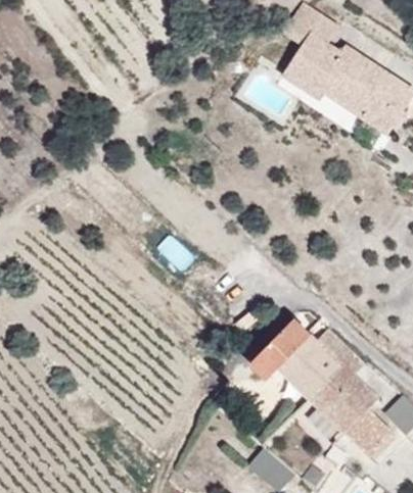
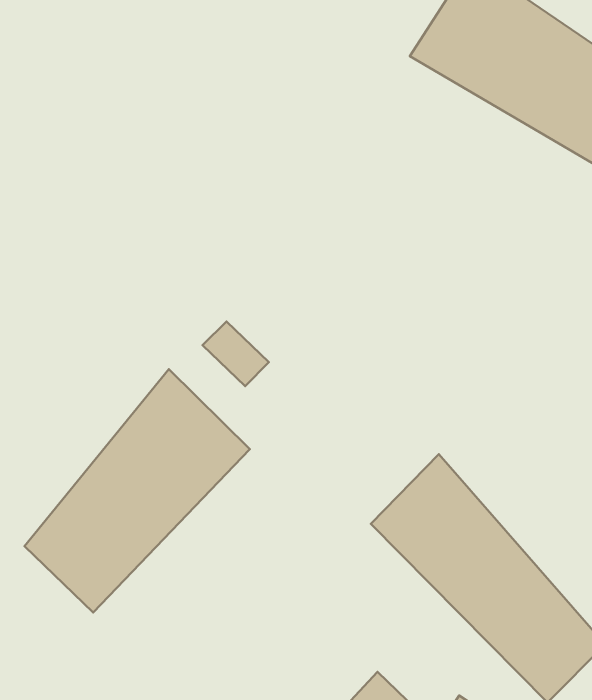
building: none -> [24,369,250,613]

